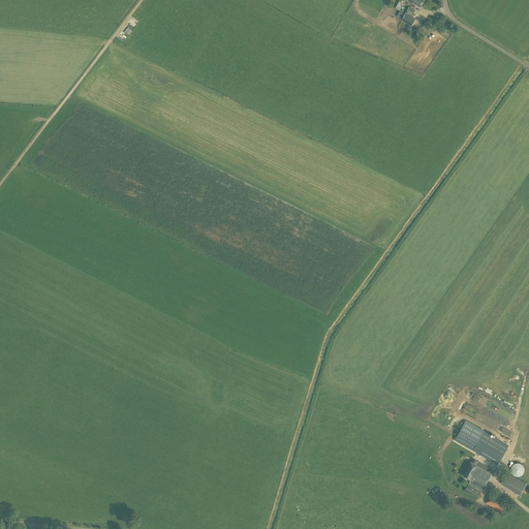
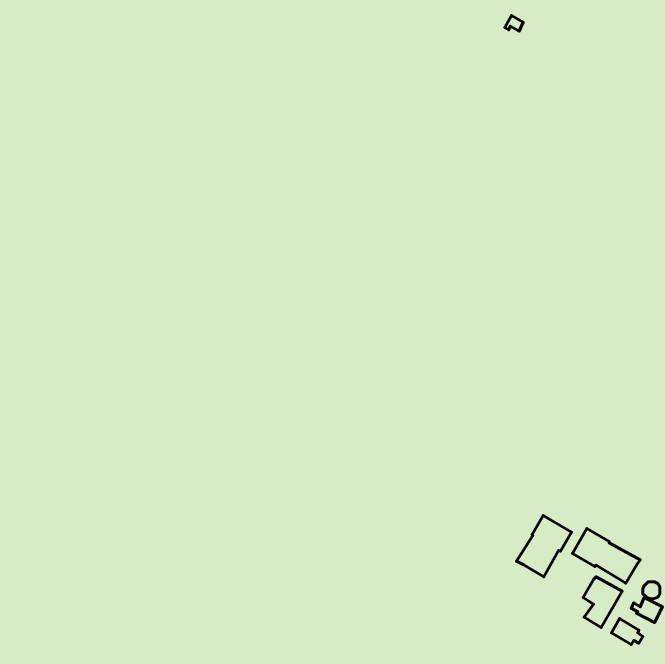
building: none -> [516,515,571,577]

